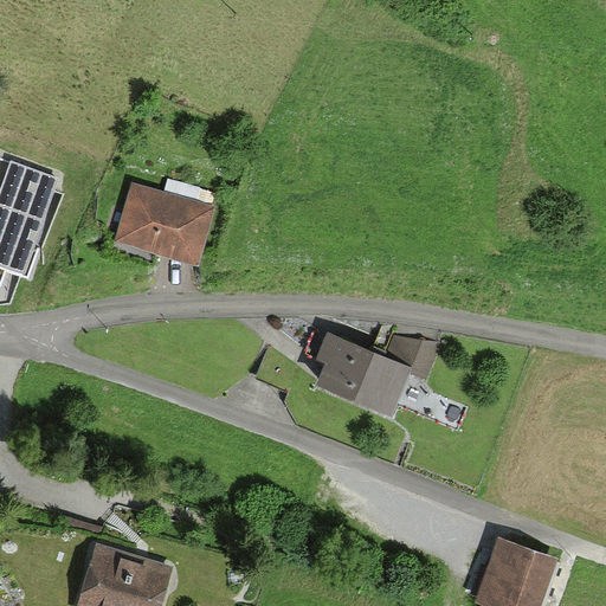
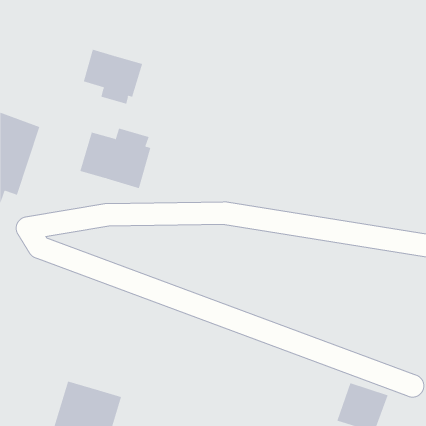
building: none -> [83,49,143,104]
building: [316,333,434,410] -> none

